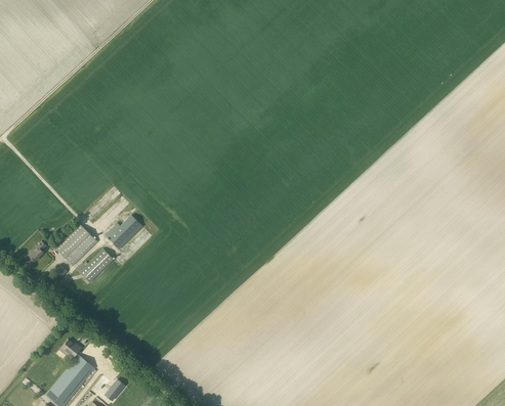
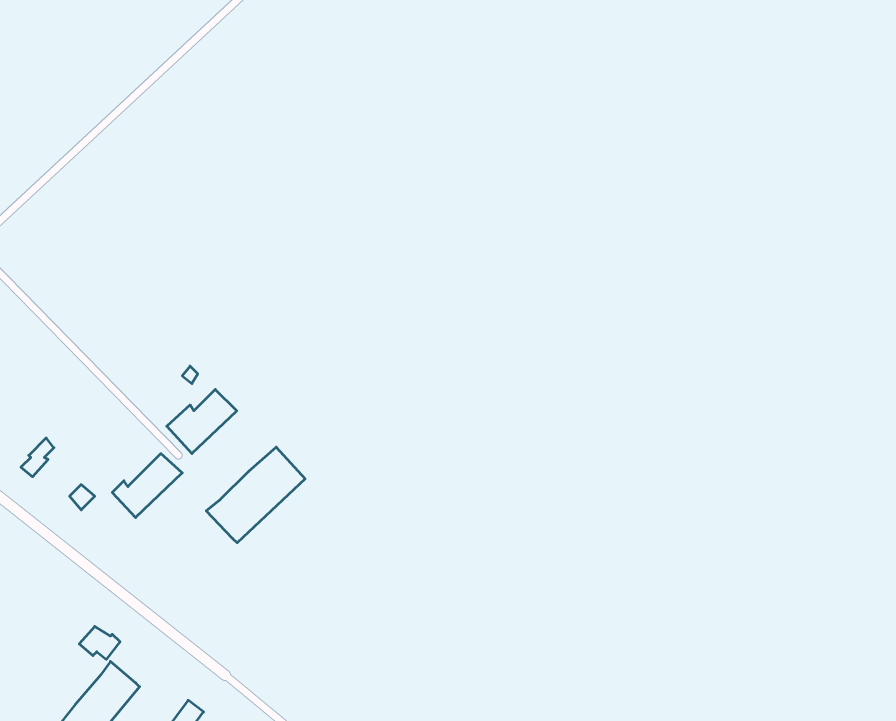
building: [56,223,98,265] -> none
building: none -> [206,447,305,543]

